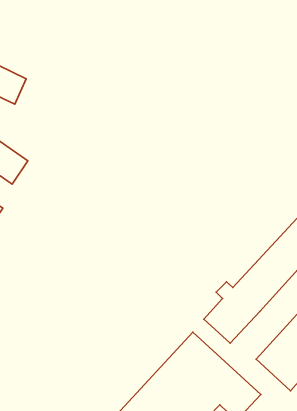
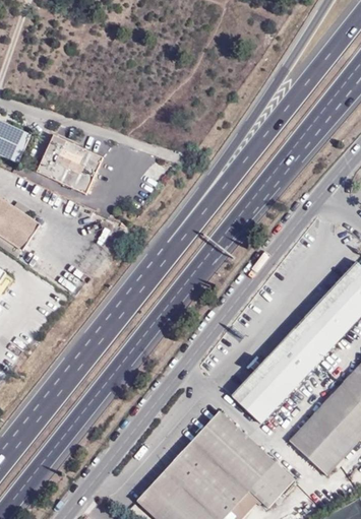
building: none -> [36,135,102,195]

